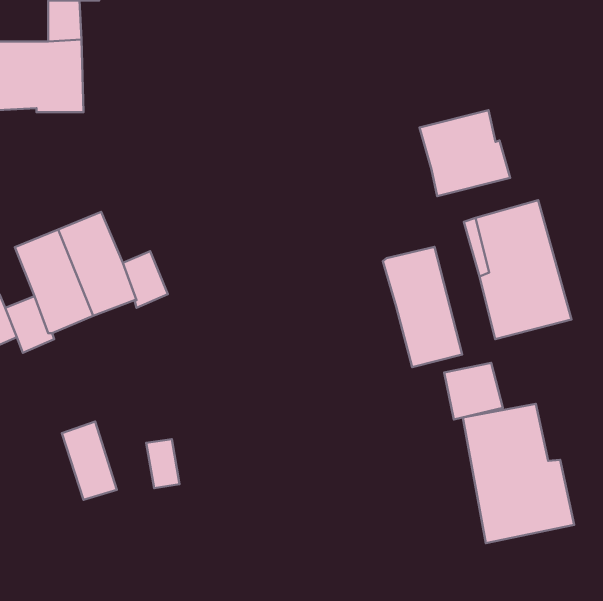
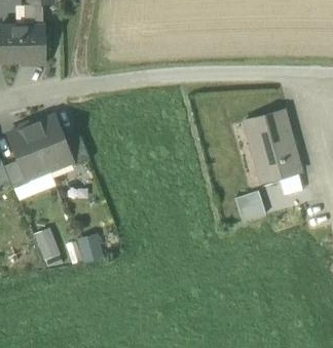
building: [420,110,510,196] -> none
building: [383,247,462,367] -> none
building: [463,404,574,543] -> none

